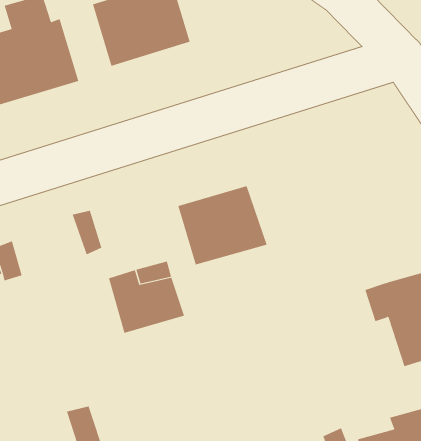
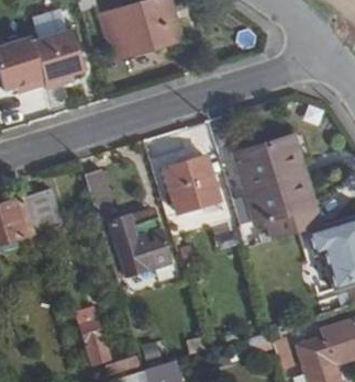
building: none -> [235,137,321,240]

